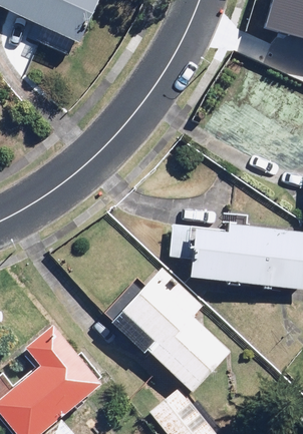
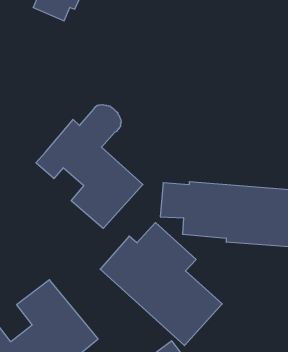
building: none -> [36,105,143,228]

